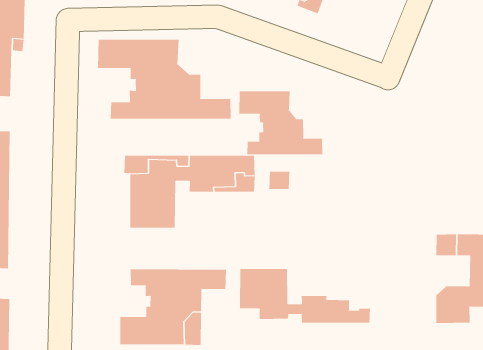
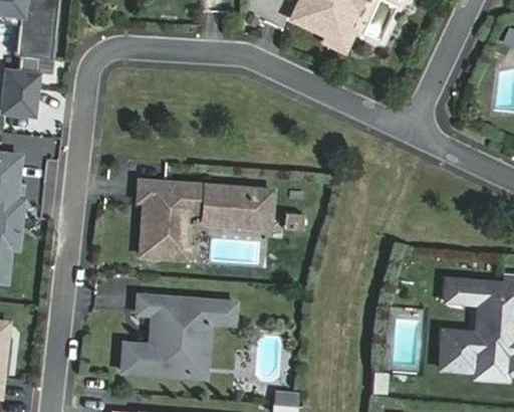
building: [98,39,231,120] -> none
building: [239,90,323,155] -> none
building: [240,268,370,323] -> none

